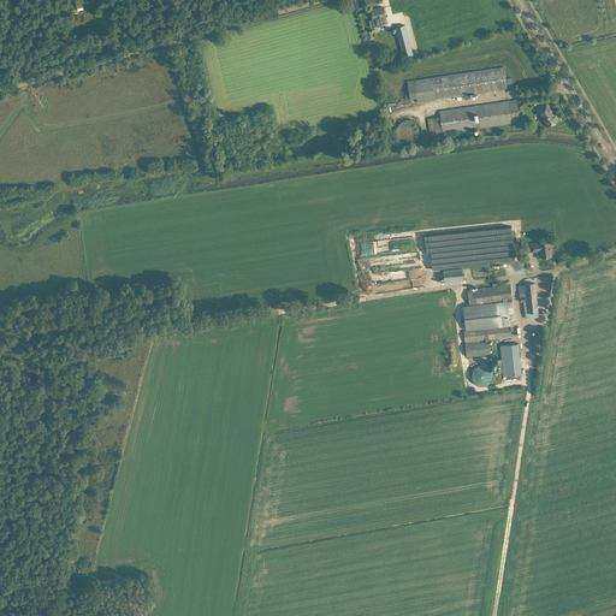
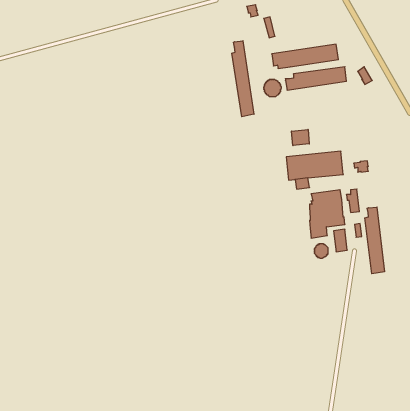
building: none -> [232,41,254,117]
building: none -> [292,129,309,146]
building: none -> [365,207,384,274]

